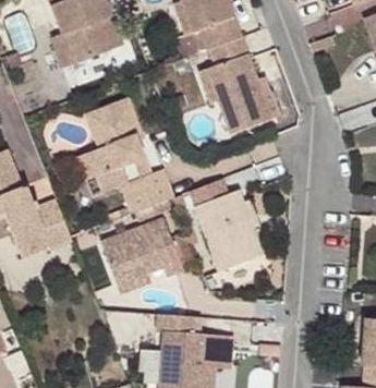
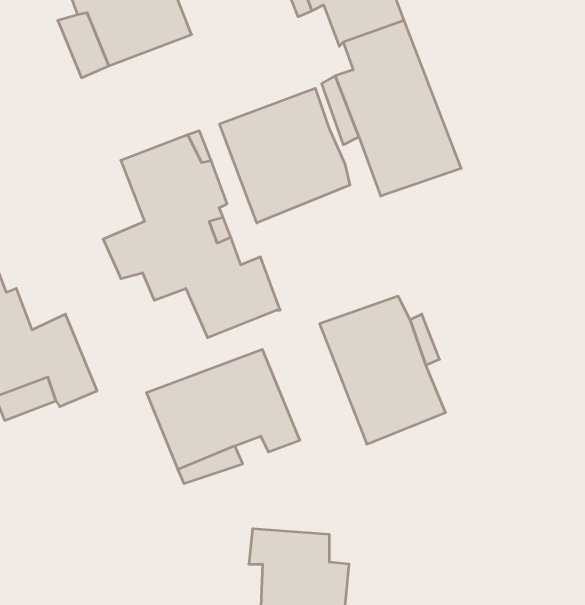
building: none -> [220,88,350,223]

